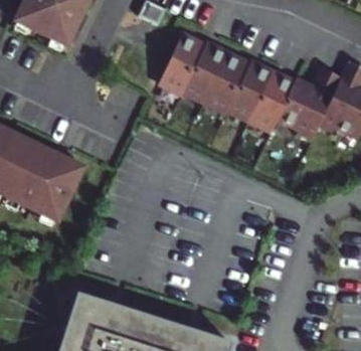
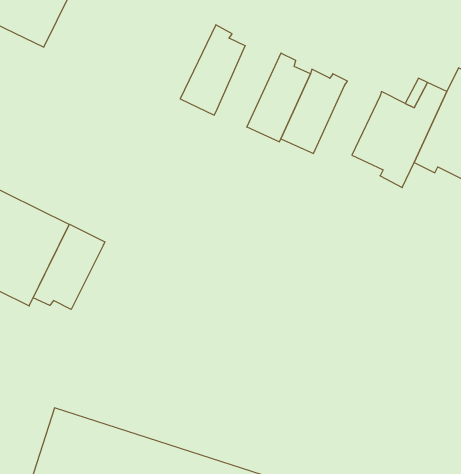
building: [184,44,228,102] -> none
building: [250,73,296,131] -> none
building: none -> [33,224,105,309]

